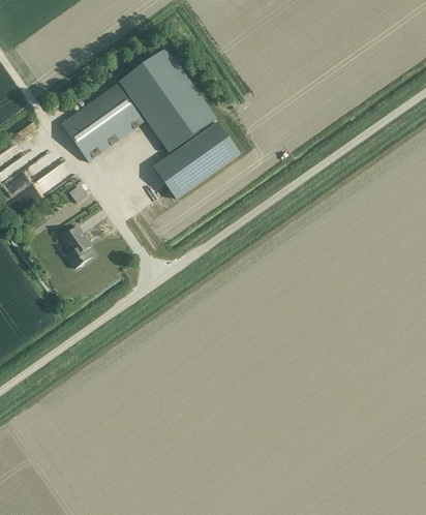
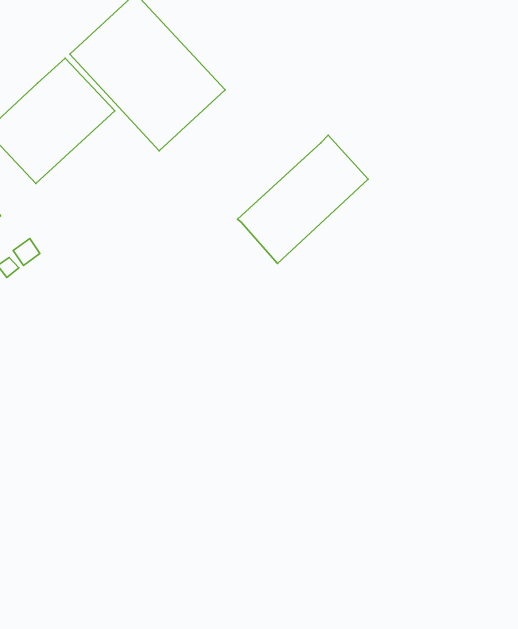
building: [153,121,239,198] -> [237,135,368,263]
building: [60,224,91,267] -> none

